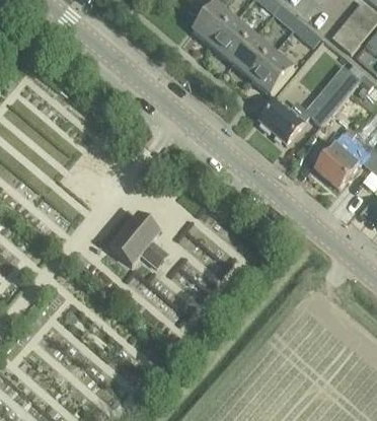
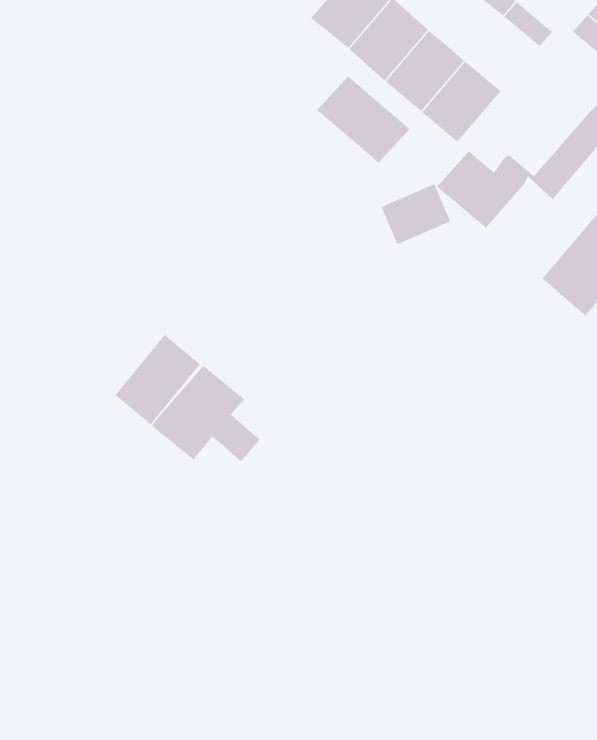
building: none -> [316,76,410,164]
building: none -> [381,183,451,245]
building: none -> [114,334,201,425]

